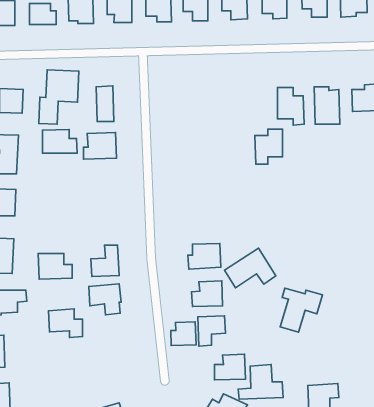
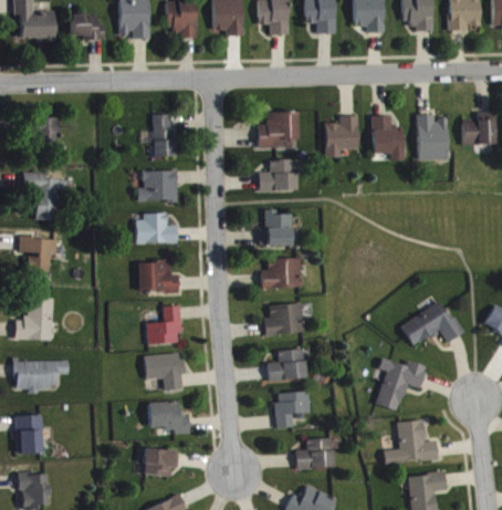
building: [39,70,79,124] -> none
building: none -> [257,112,299,148]
building: none -> [258,159,295,191]
building: [255,129,282,164] -> [324,116,357,158]
building: [42,129,77,153] -> [135,215,177,243]
building: none -> [258,209,291,247]
building: none -> [261,258,301,289]
building: [225,248,276,288] -> [399,300,461,347]
building: [38,253,72,279] -> [137,261,178,292]
building: [48,309,82,337] -> [148,400,189,435]
building: [171,322,196,346] -> none
building: none -> [143,448,178,477]
building: [238,364,283,399] -> [383,420,437,462]

